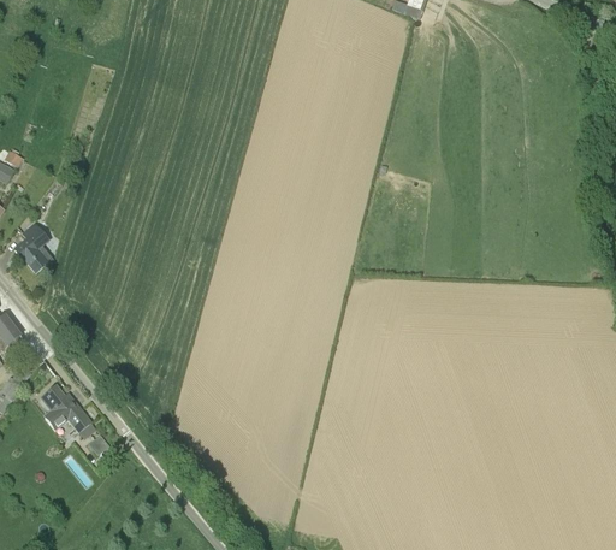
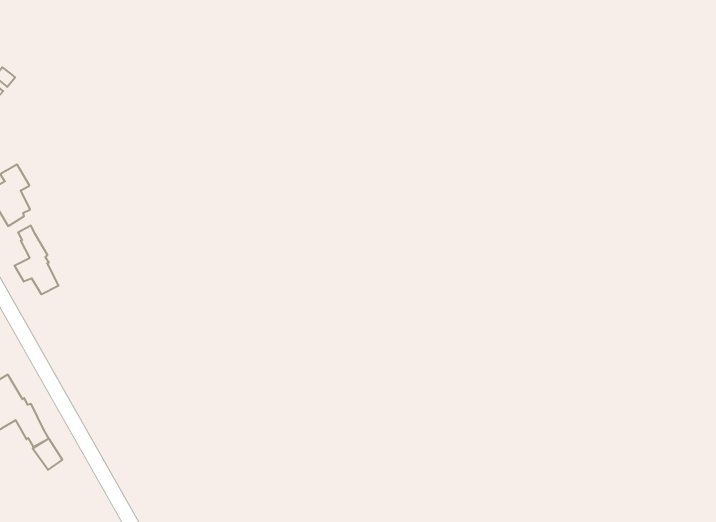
building: none -> [14,225,58,294]

